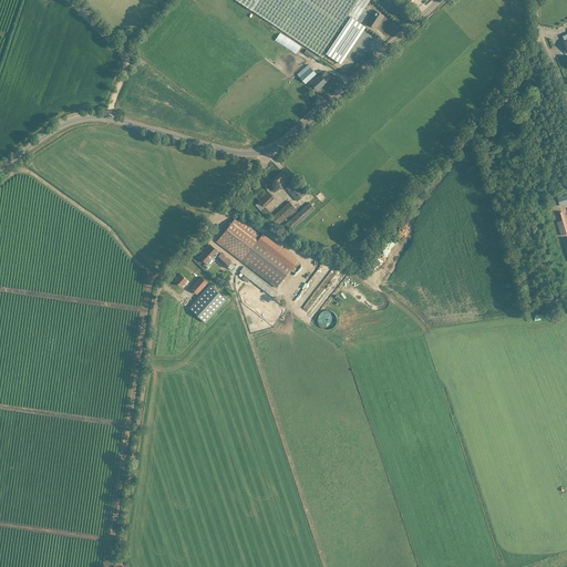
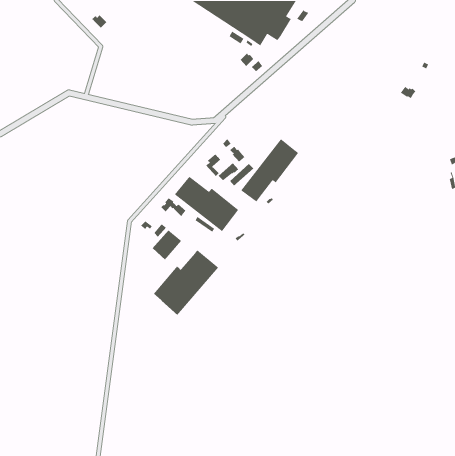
building: none -> [240,138,299,202]
building: none -> [153,249,219,316]

